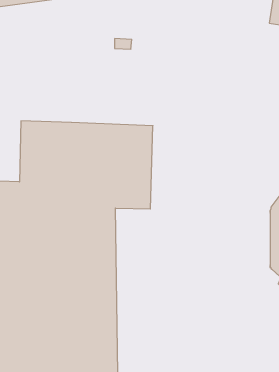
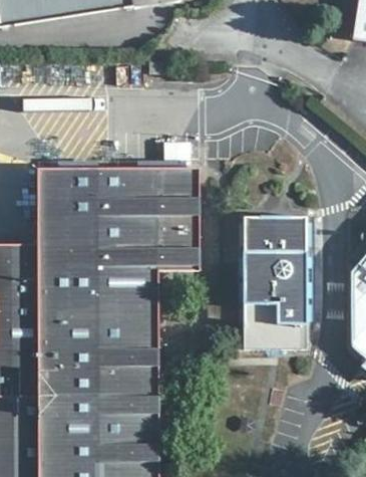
building: none -> [244,219,313,353]

